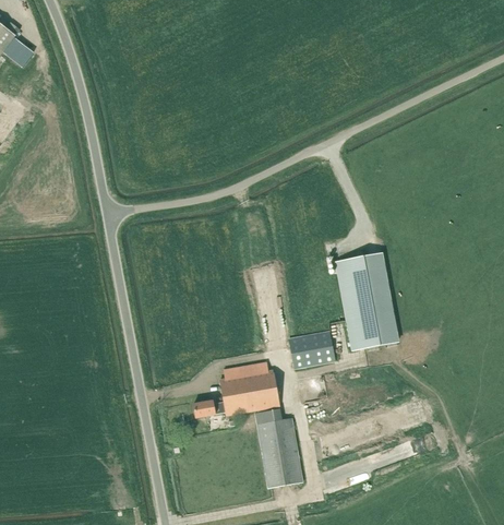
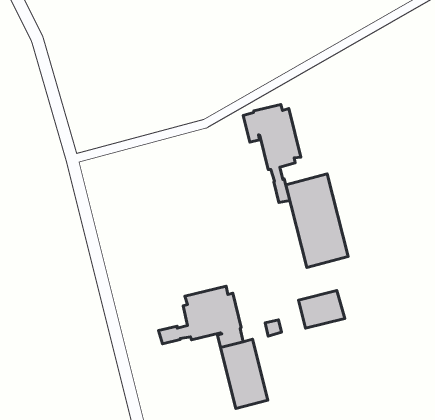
building: none -> [243,104,301,202]
building: [289,329,336,366] -> [299,291,345,328]

